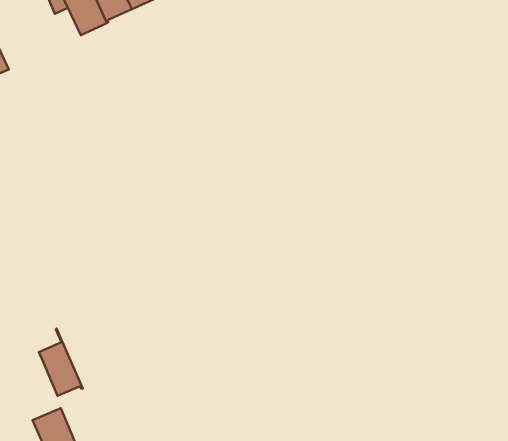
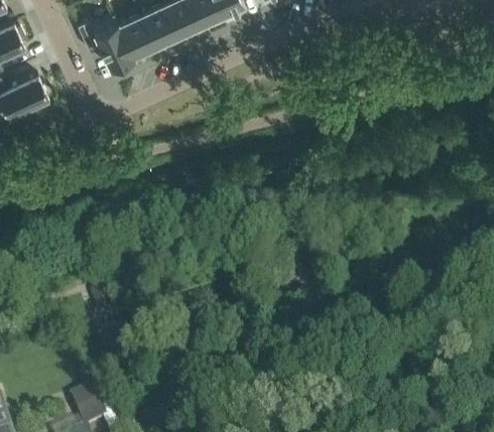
building: [39,329,83,396] -> none

